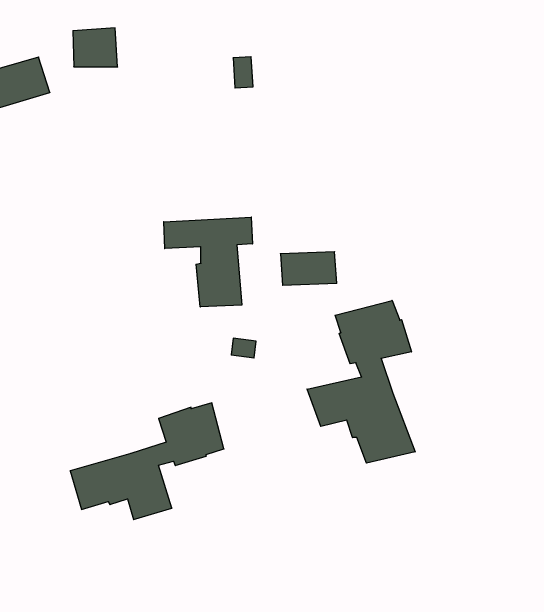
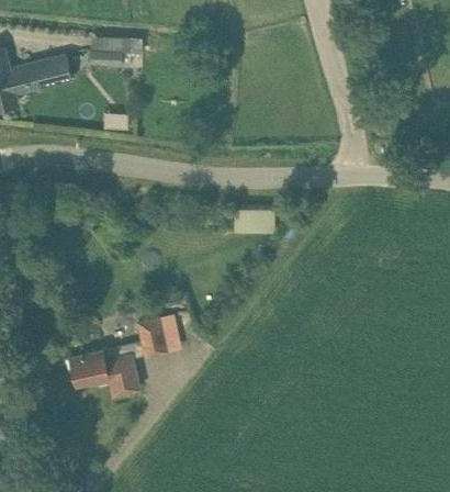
building: [164,217,252,307] -> none
building: [307,300,415,463] -> none

